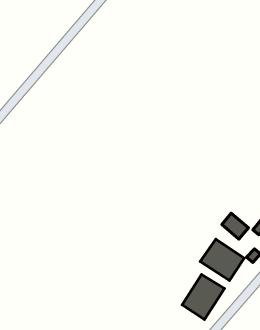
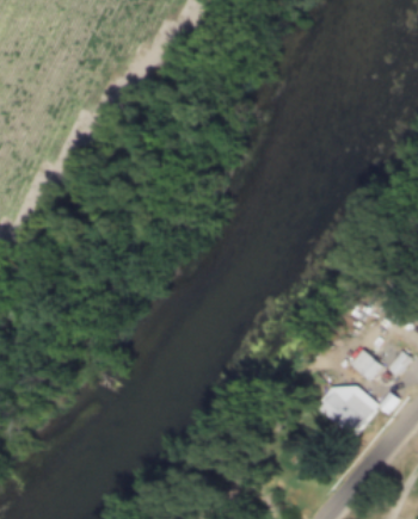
building: [182,274,225,319] -> none

